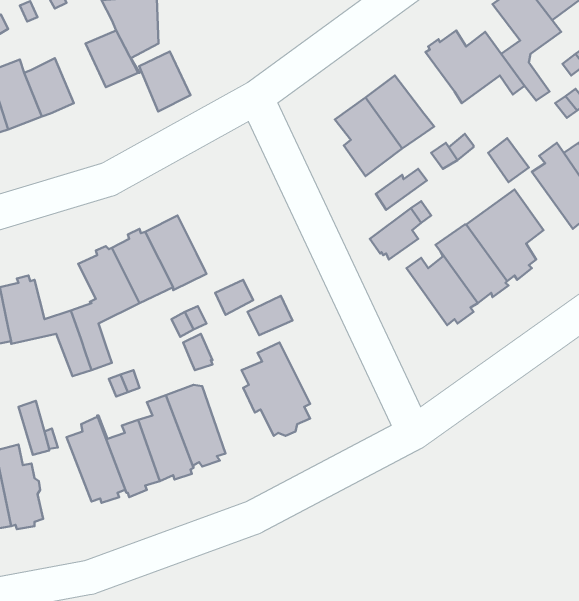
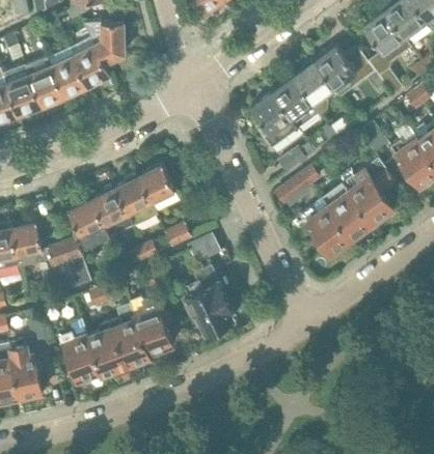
building: [139,52,190,111] -> [50,55,86,97]
building: none -> [292,61,334,114]
building: none -> [137,166,174,204]

